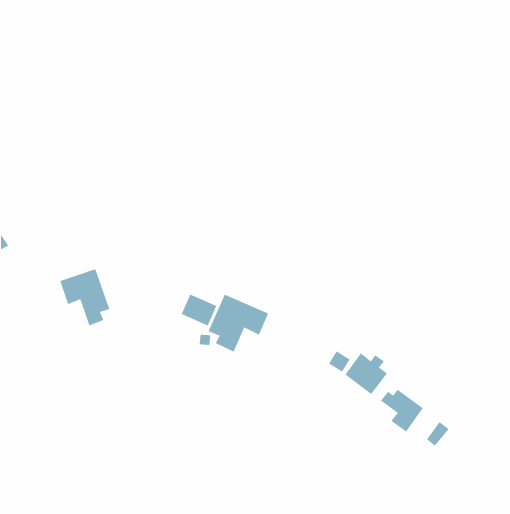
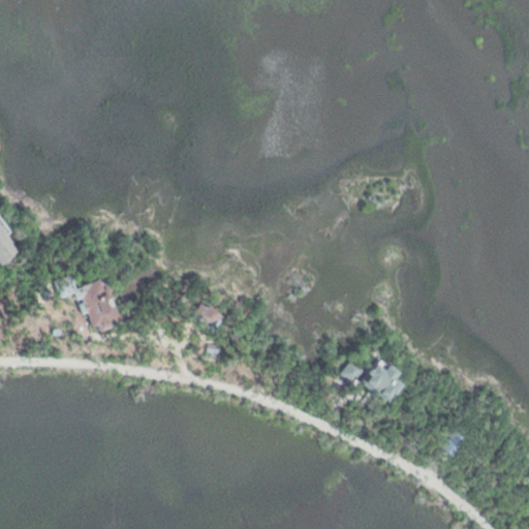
building: [208,294,269,353] -> none
building: [380,389,424,432] -> none

